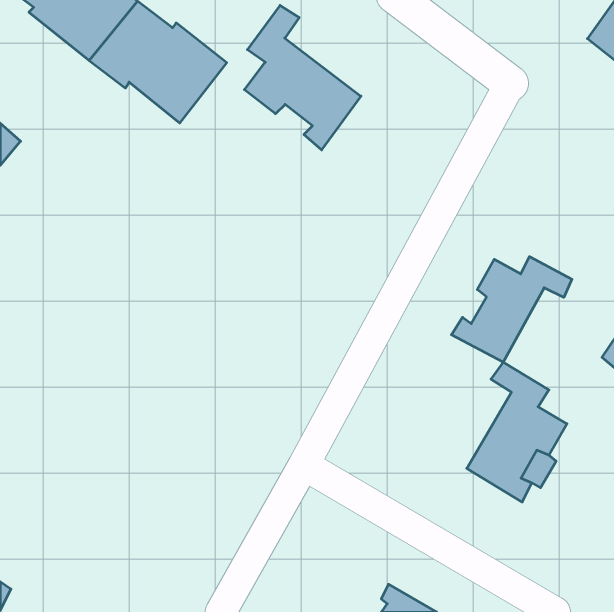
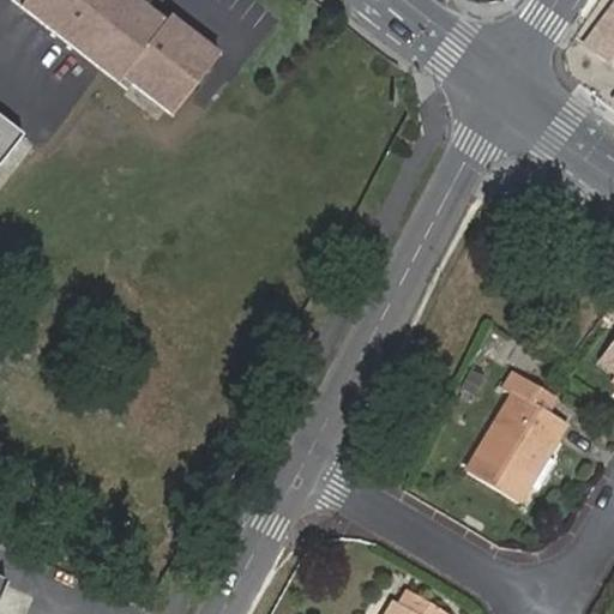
building: [244,5,361,150] -> none
building: [451,257,572,362] -> none

